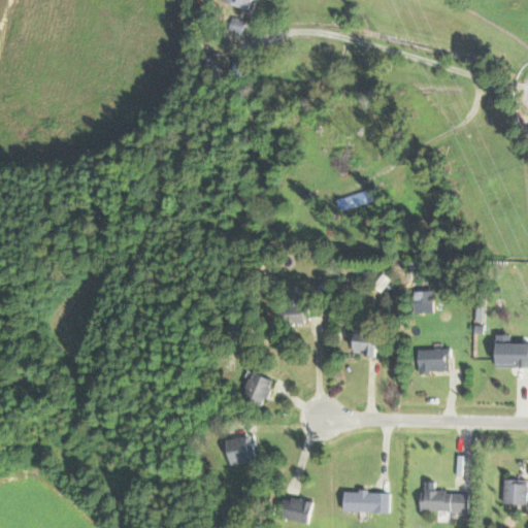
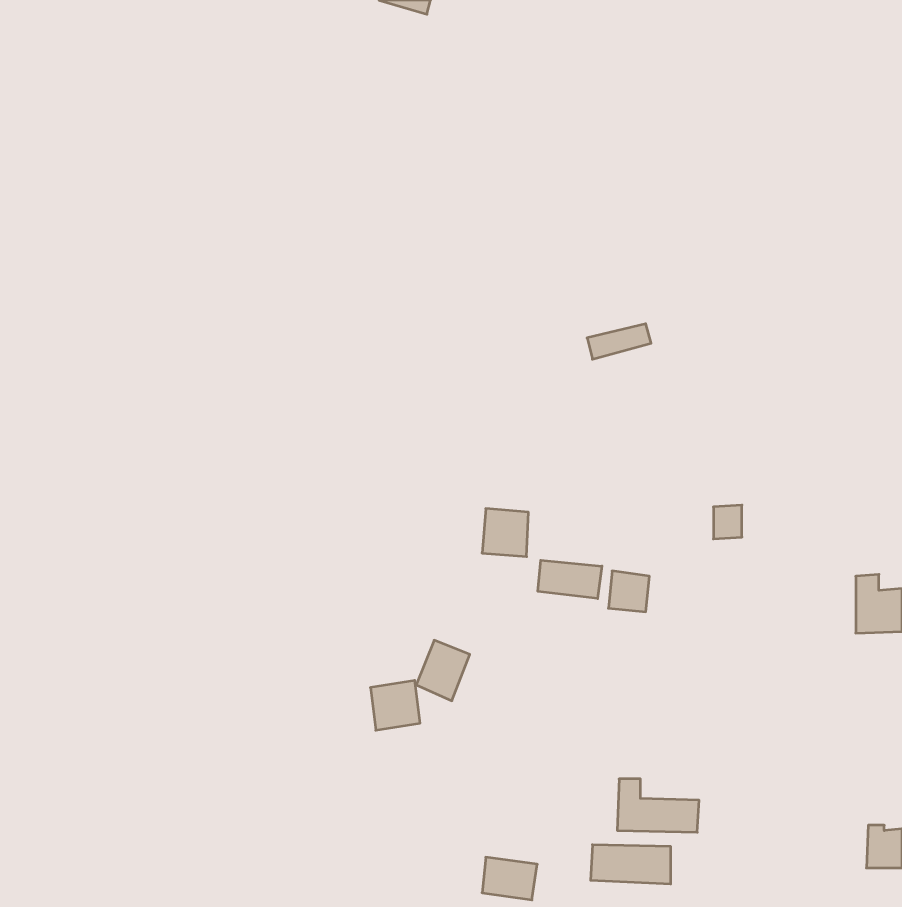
building: none -> [538,560,602,599]
building: [418,349,449,372] -> none
building: [226,435,255,464] -> [370,680,420,730]
building: [421,482,468,513] -> [617,779,699,832]

